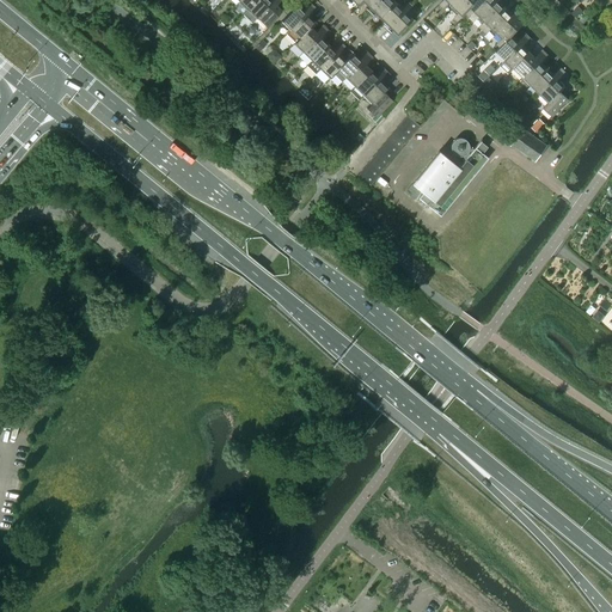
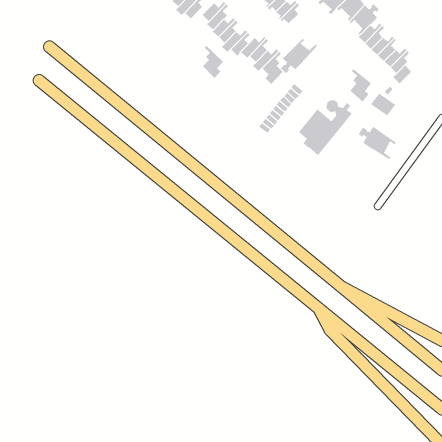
building: none -> [280,38,318,74]
building: none -> [202,45,224,79]
building: none -> [349,68,372,103]
building: none -> [358,126,396,160]

